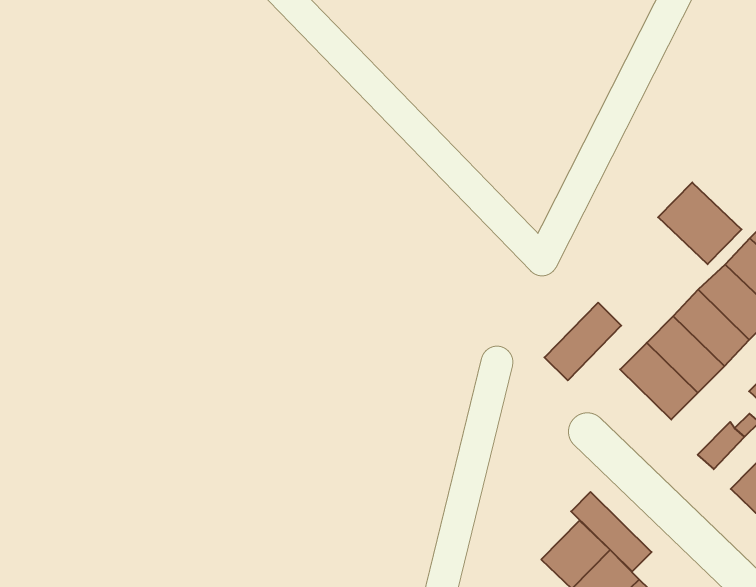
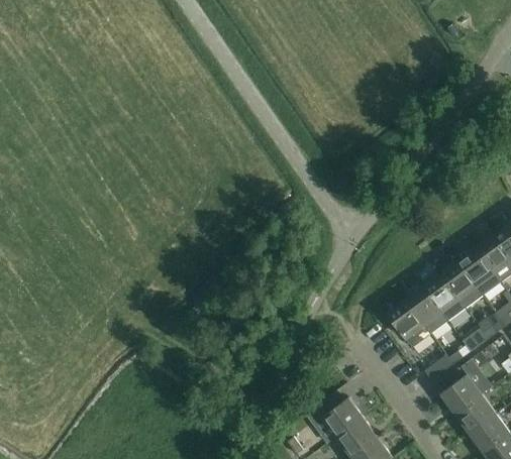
building: [658,182,742,264] -> none
building: [544,303,621,380] -> none
building: [571,492,652,572] -> none

